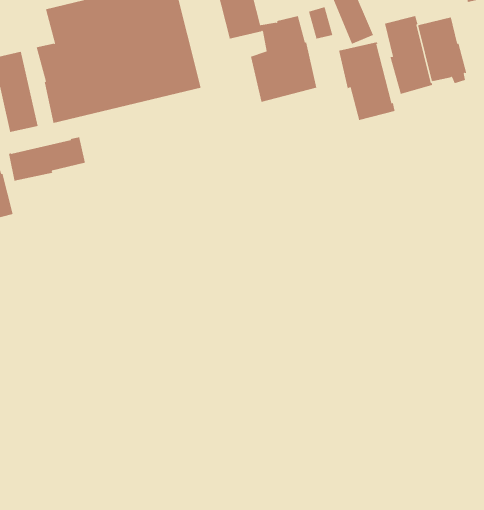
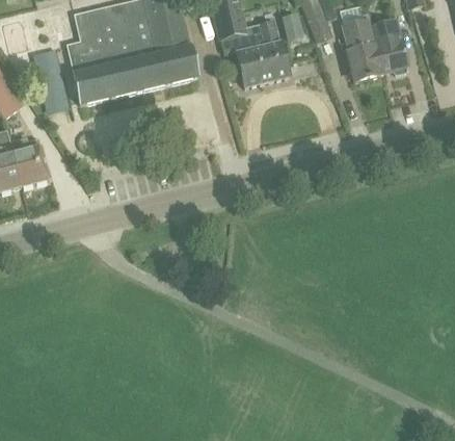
building: [339,41,395,121] -> none
building: [8,137,86,181] -> none

